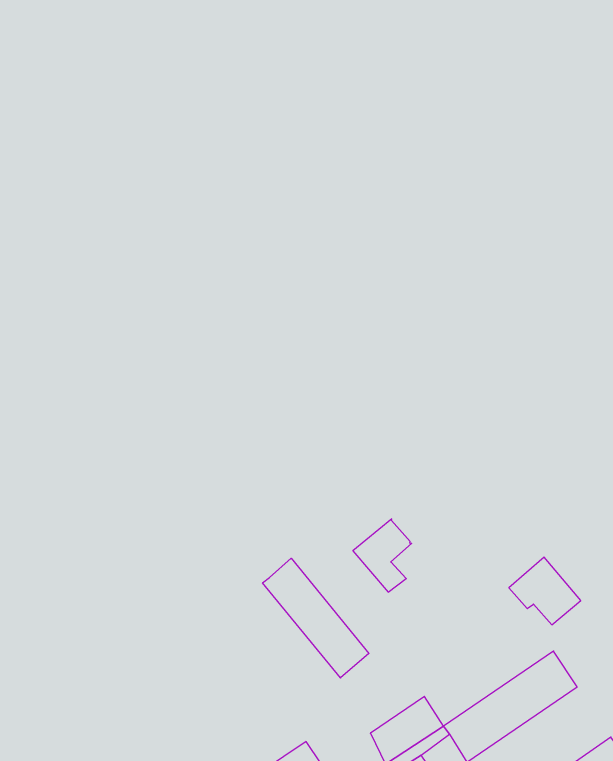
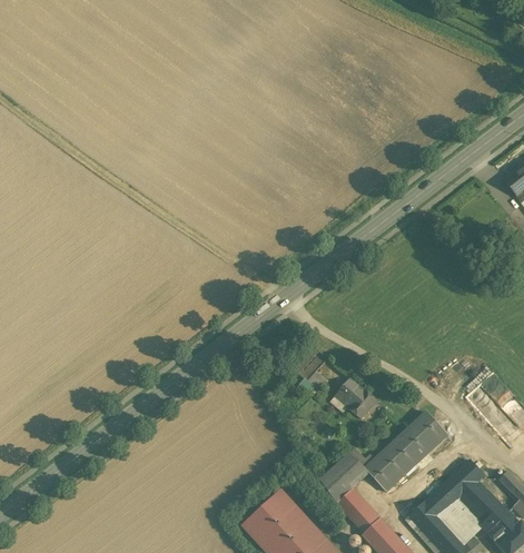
building: [509,557,581,625] -> [333,377,378,418]
building: [263,558,369,678] -> none

